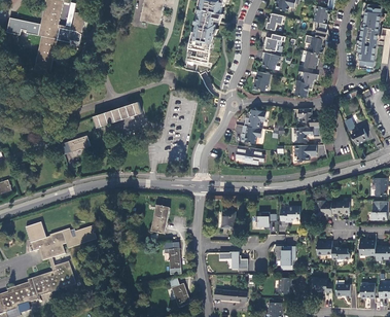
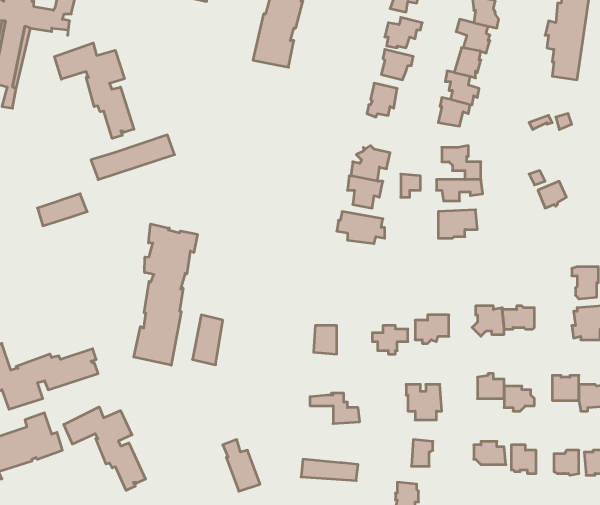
building: none -> [54,43,134,138]
building: none -> [134,224,197,365]
building: [164,243,181,275] -> none
building: none -> [64,407,146,490]

